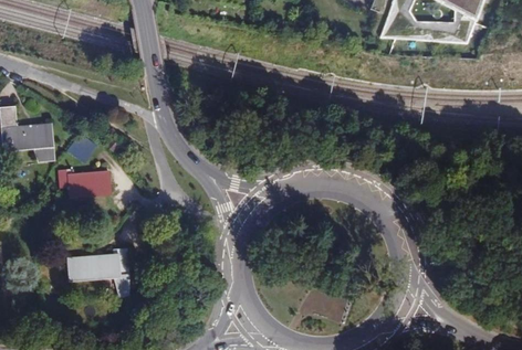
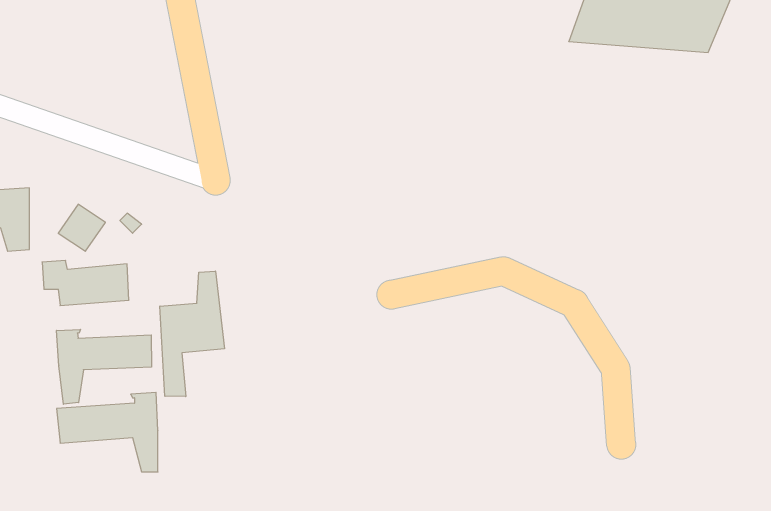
building: none -> [160,271,224,397]
building: none -> [57,329,151,404]

